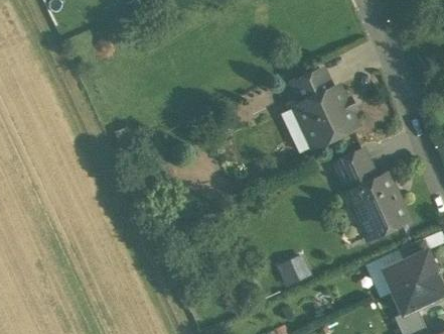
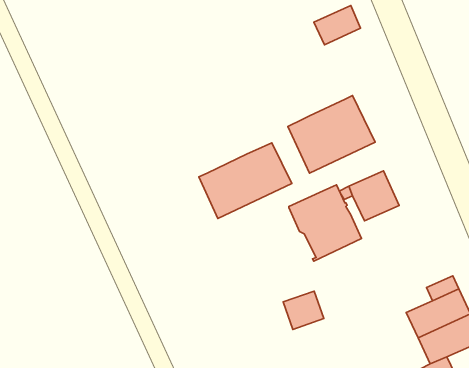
building: [292,71,331,104] -> [314,5,360,45]
building: none -> [199,143,292,219]
building: [347,175,409,239] -> [289,185,362,261]

